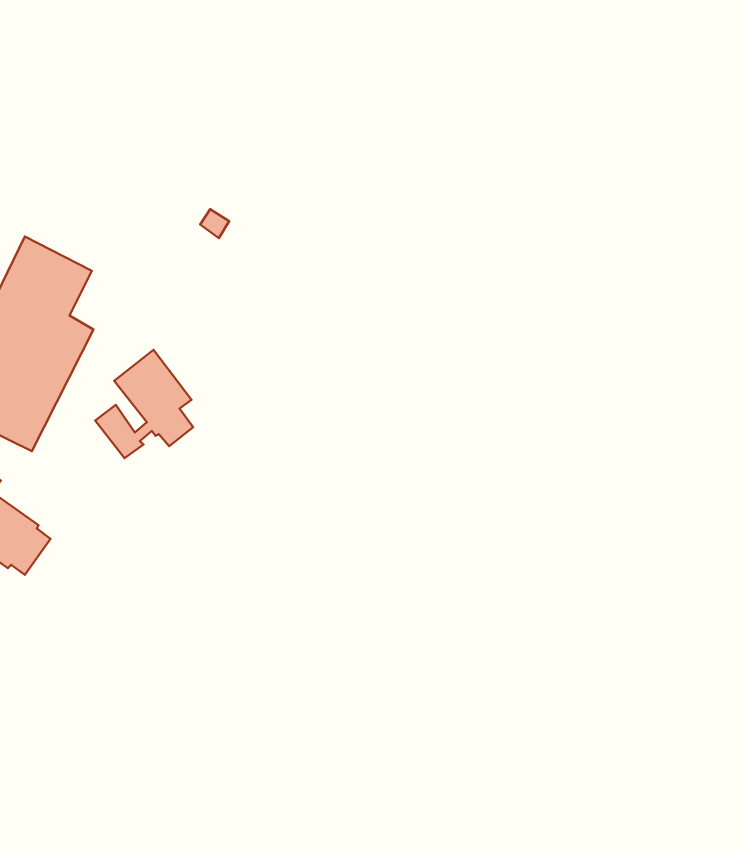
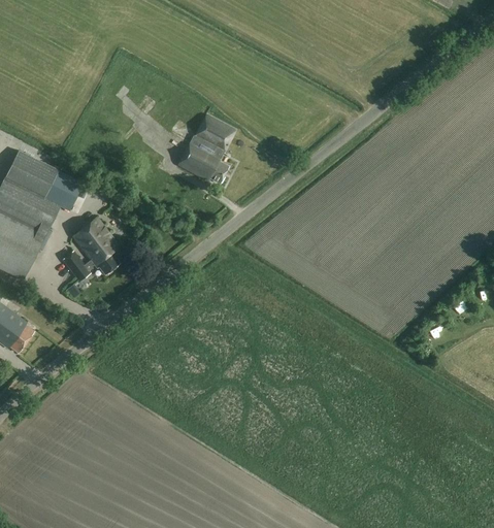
building: none -> [177,118,235,185]
building: none -> [45,170,83,209]

